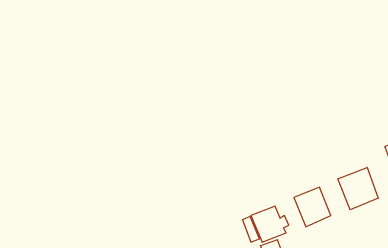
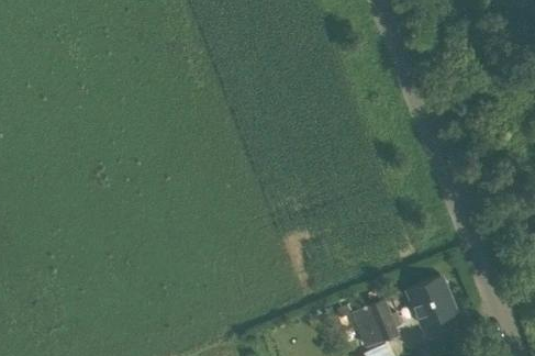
building: [338,167,378,210] -> none

